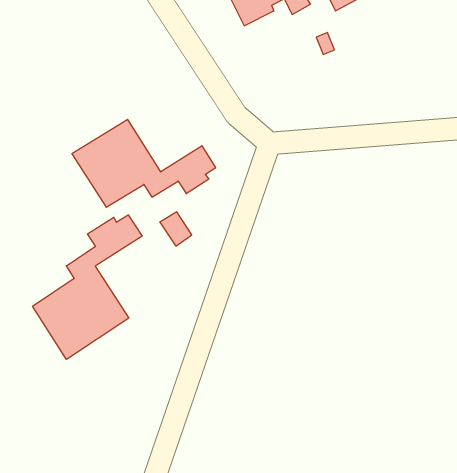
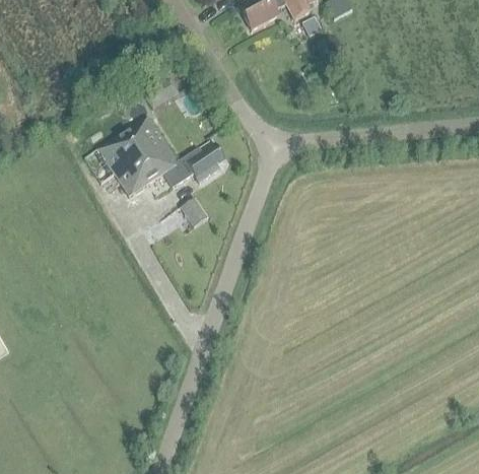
building: [33,215,142,359] -> none

